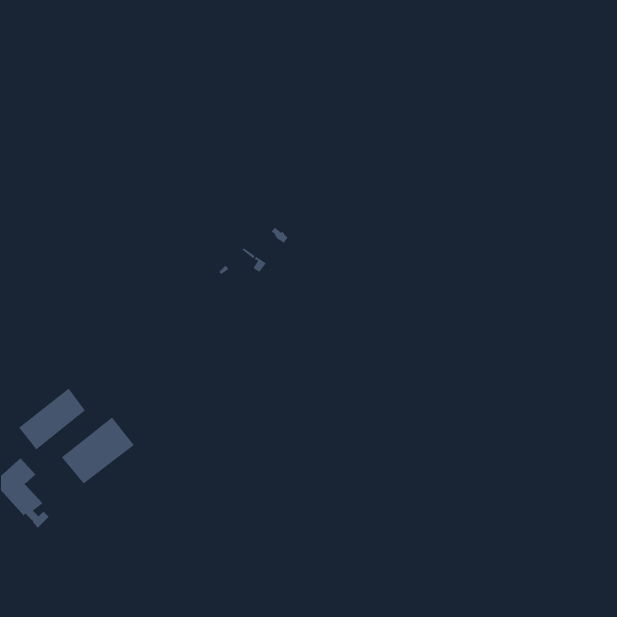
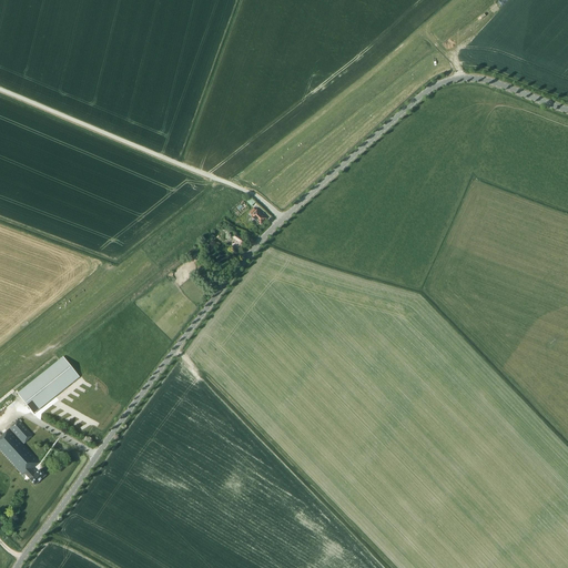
building: [61,416,135,485] -> none

